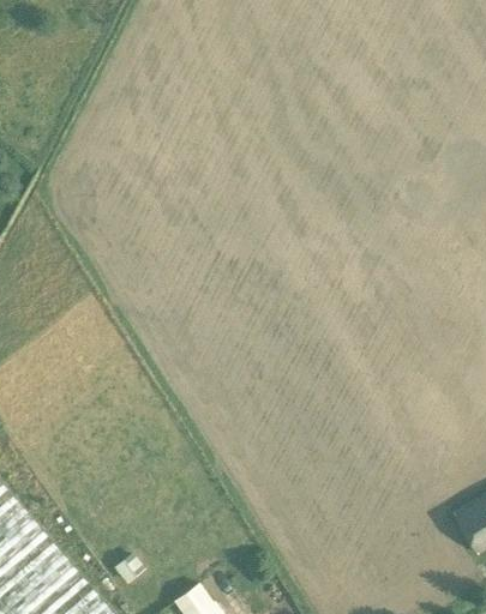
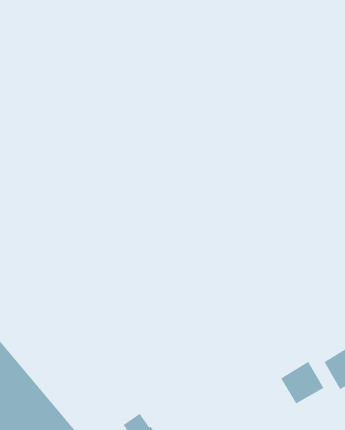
building: none -> [280,361,325,404]

